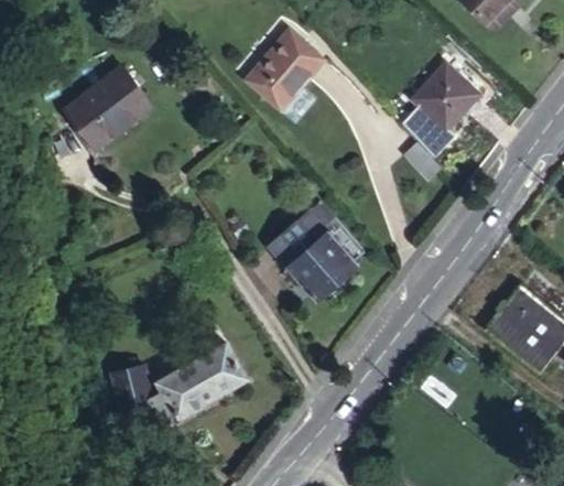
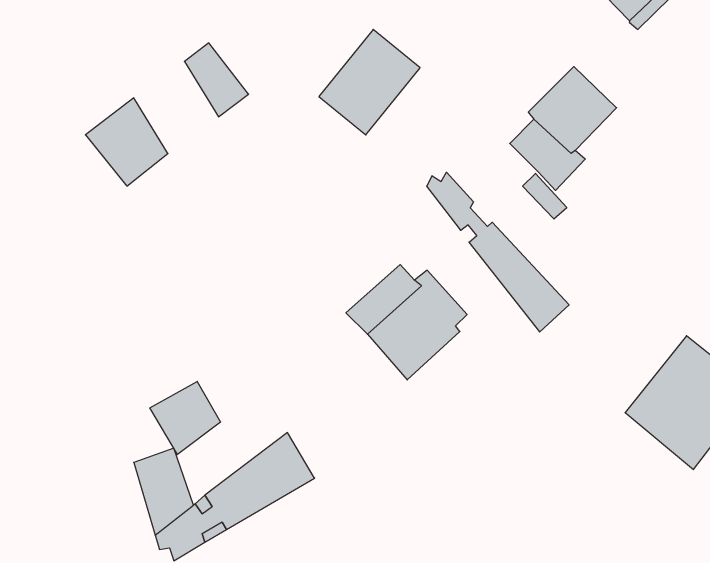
building: [104,67,153,125] -> [184,43,249,117]
building: none -> [427,172,569,332]
building: none -> [150,381,221,455]

